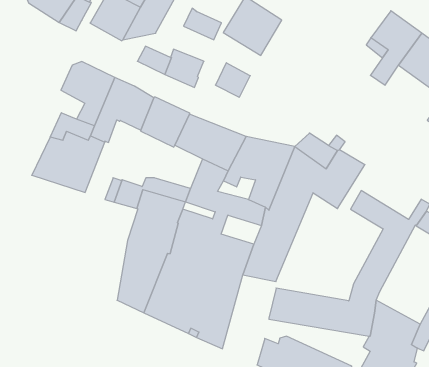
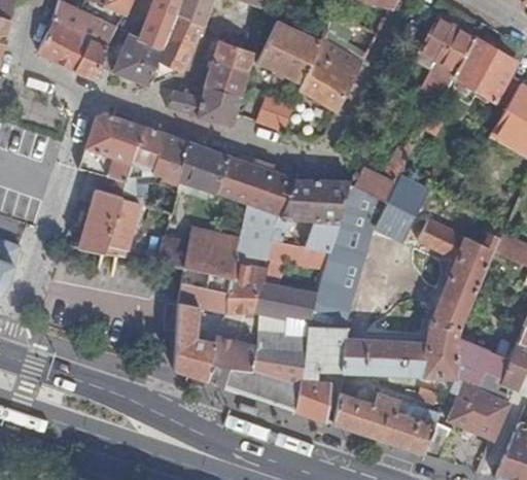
building: none -> [298,36,363,112]
building: none -> [205,61,248,97]
building: none -> [295,327,348,421]

